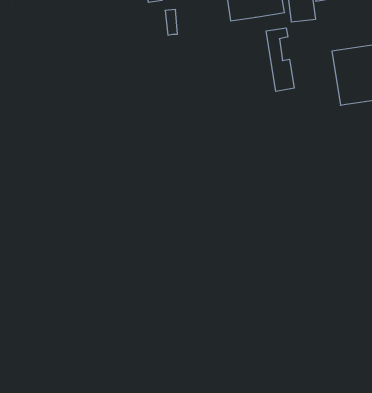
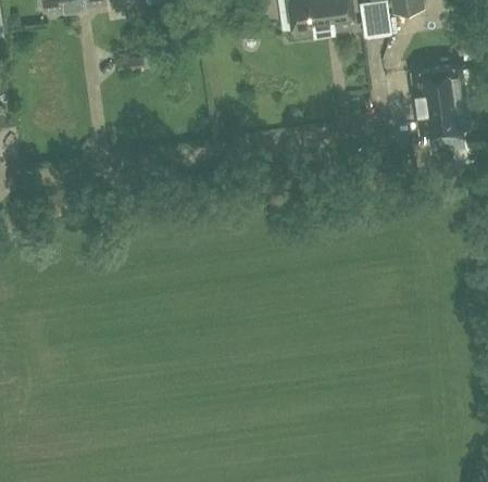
building: [266,28,294,91] -> none

